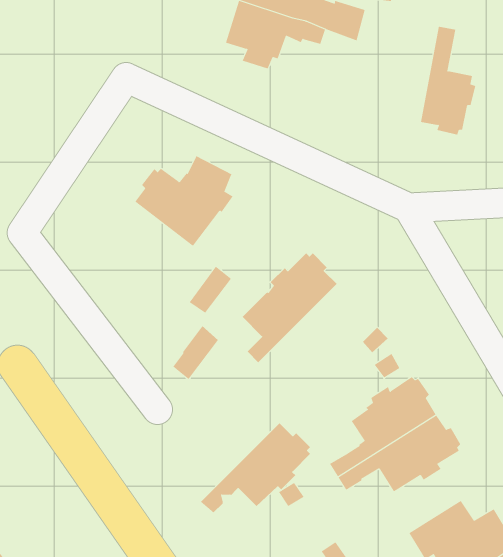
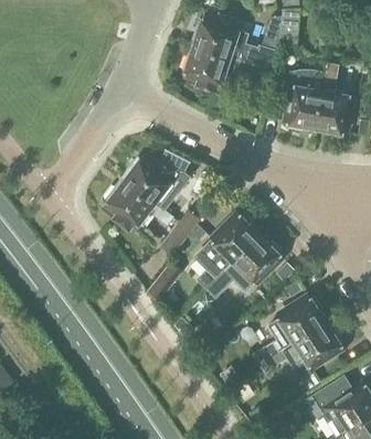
building: none -> [286,61,327,127]
building: none -> [106,179,173,228]
building: [200,422,311,513] -> [206,234,280,295]

